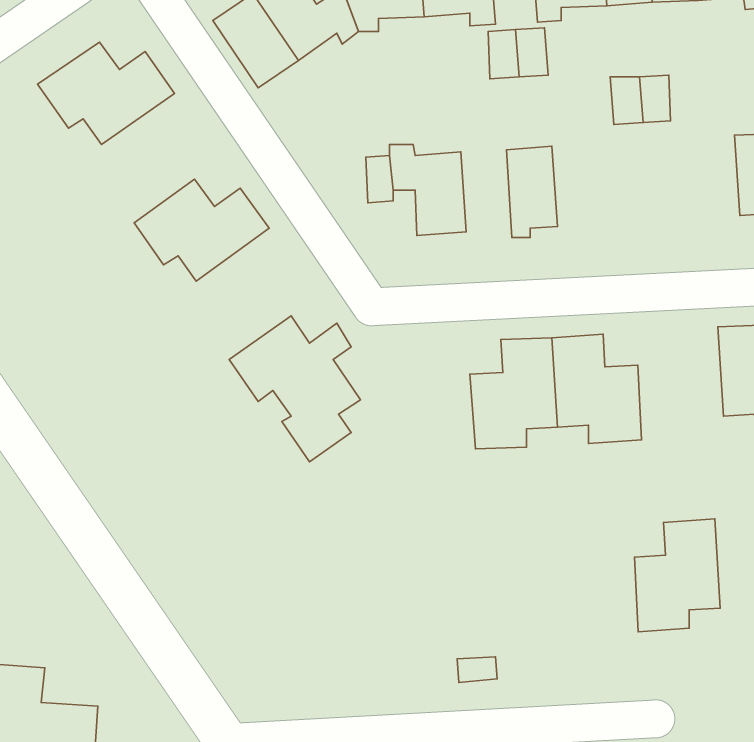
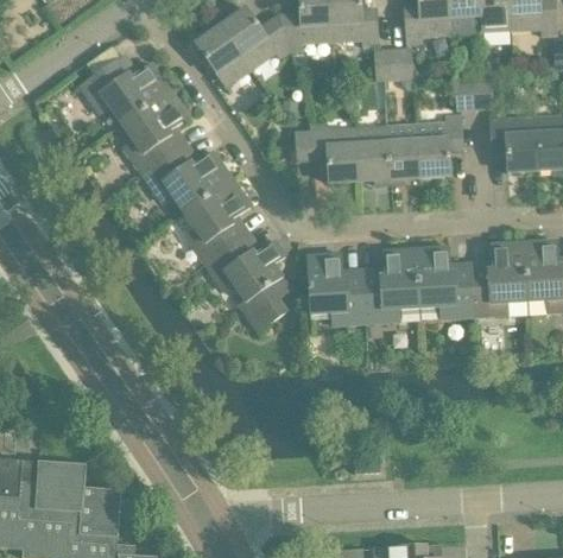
building: none -> [122,90,189,175]
building: none -> [488,112,538,172]
building: none -> [416,115,463,177]
building: none -> [356,127,390,185]
building: none -> [184,178,251,264]
building: none -> [306,253,366,324]
building: [634,519,720,632] -> [472,242,527,316]

